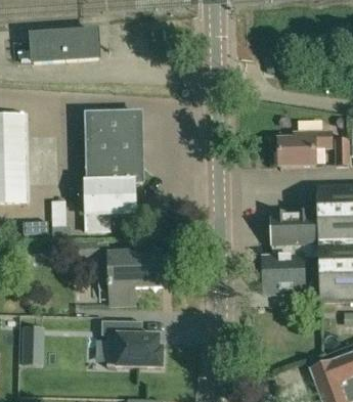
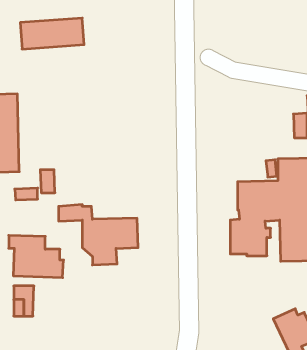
building: [78,113,140,230] -> none
building: [277,130,332,165] -> none
building: [100,319,162,366] -> [9,235,64,278]

